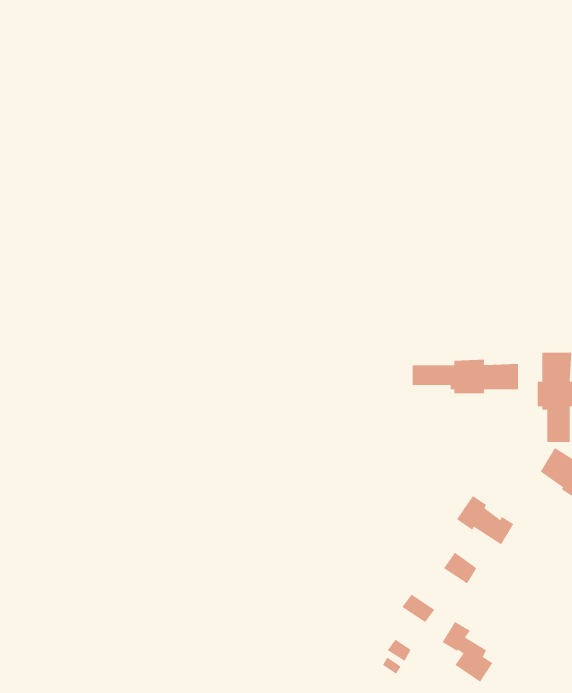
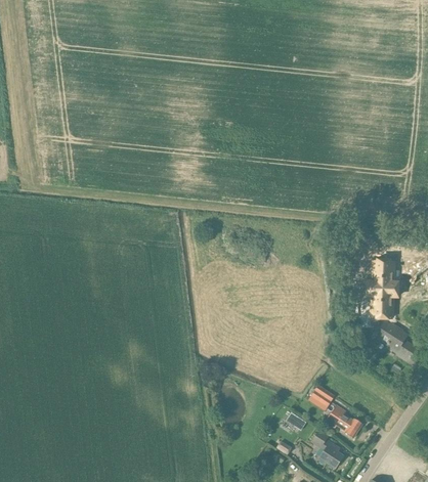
building: [412,359,519,394] -> none
building: [456,495,514,545] -> [326,406,362,438]

